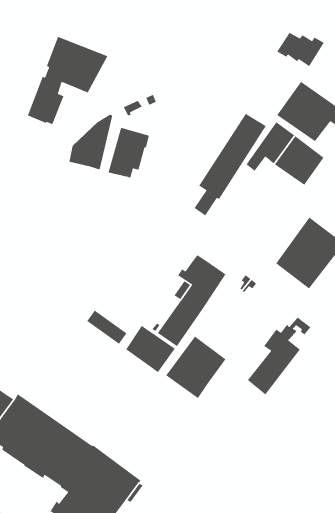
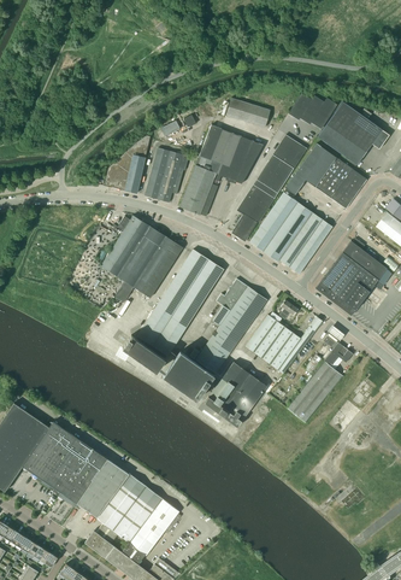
building: [276,32,325,67] -> [288,93,337,129]
building: [27,36,108,125] -> [179,124,263,216]
building: none -> [225,98,270,128]
building: none -> [249,192,332,274]
building: none -> [101,215,183,301]
building: none -> [137,248,223,356]
building: none -> [246,315,323,373]

